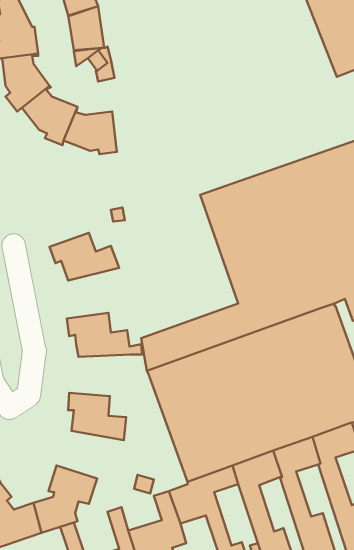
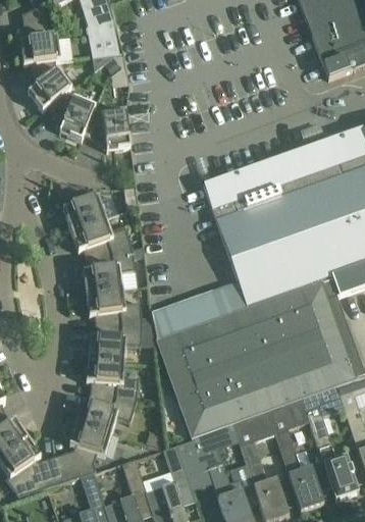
building: none -> [58,178,105,228]
building: none -> [83,247,135,292]
building: none -> [88,323,156,360]
building: none -> [76,390,136,432]

